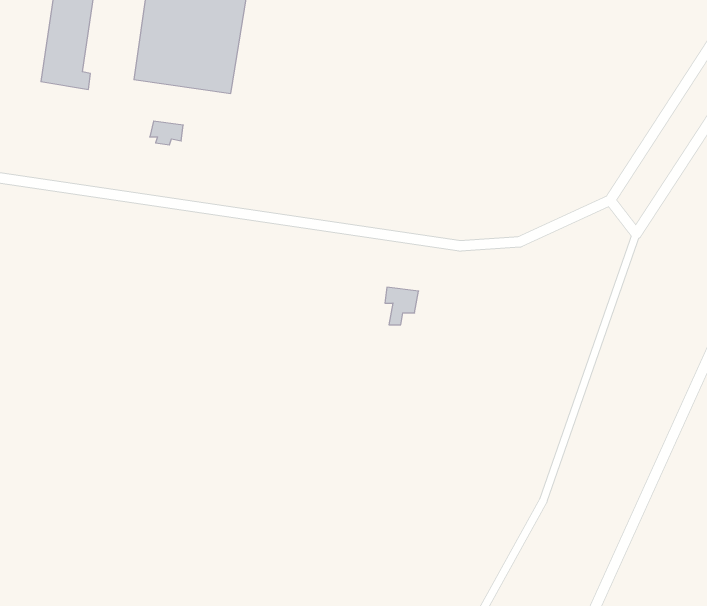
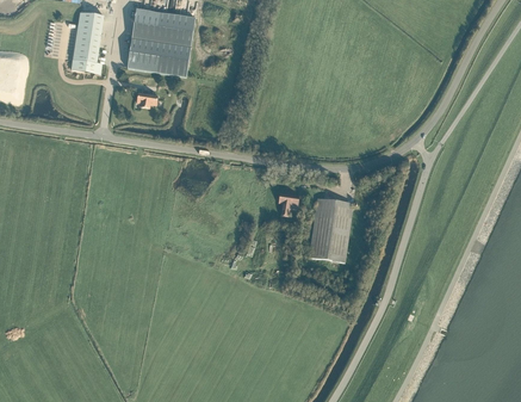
building: none -> [308,198,352,262]

